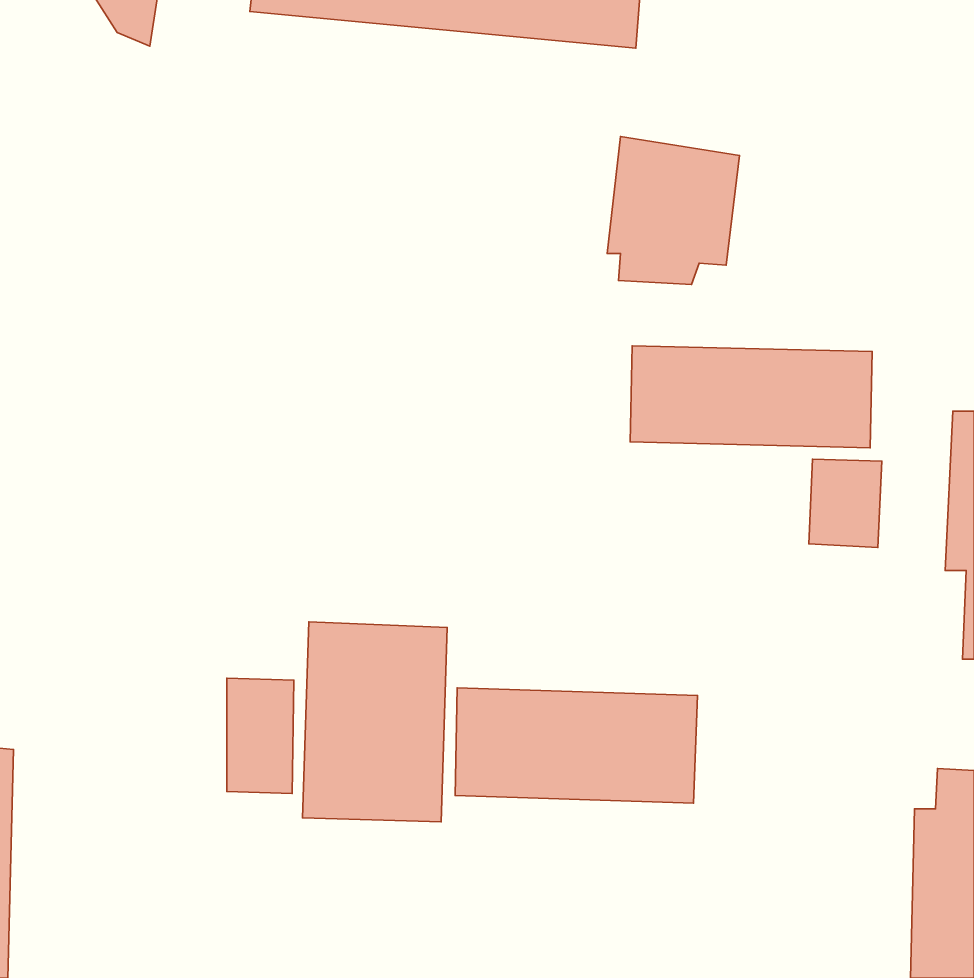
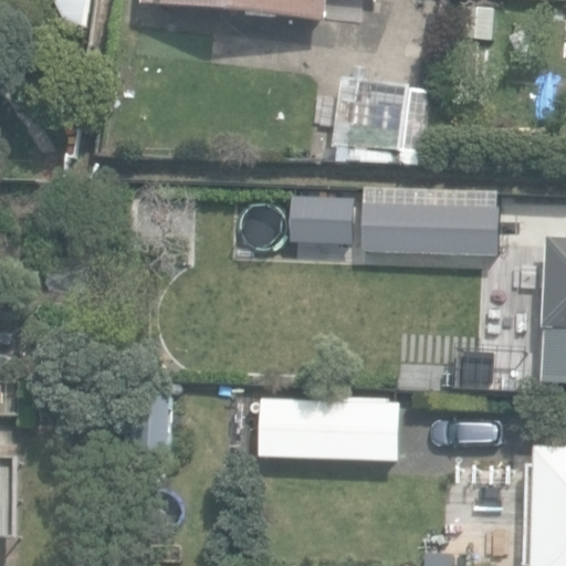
building: [302,622,447,822] -> none

